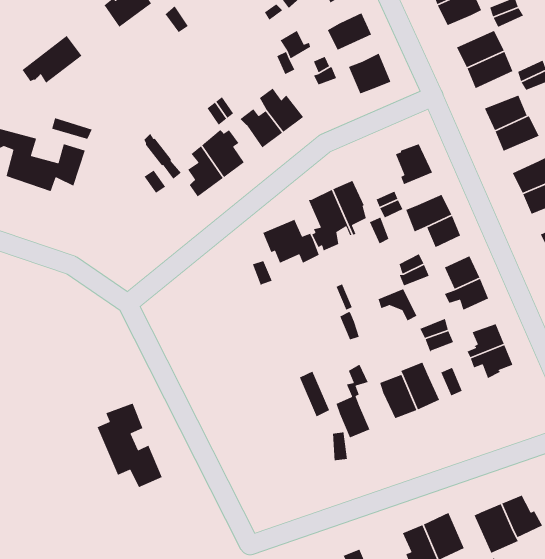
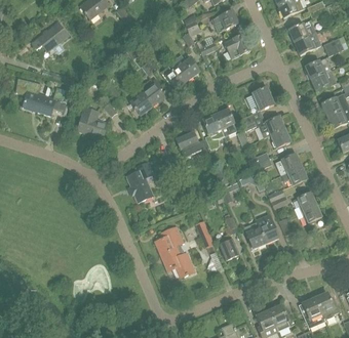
building: none -> [77,107,107,137]
building: none -> [126,163,153,202]
building: [97,402,163,488] -> [155,226,194,277]

